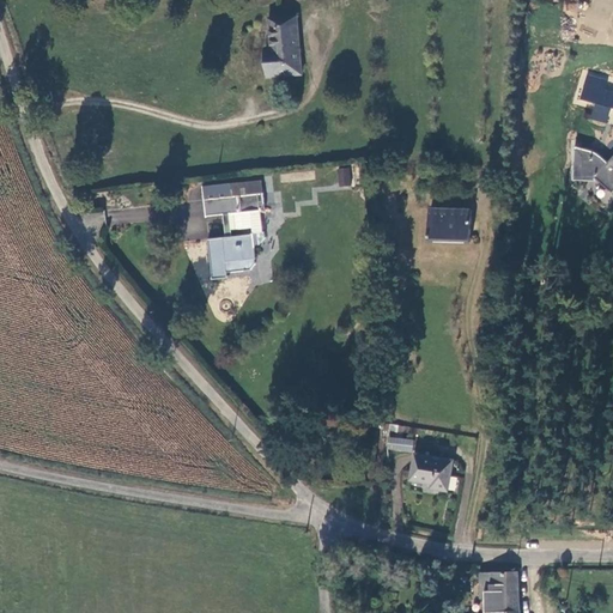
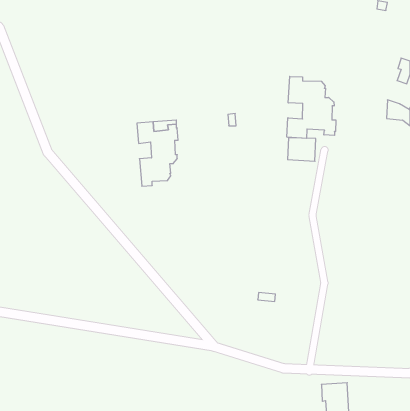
building: [265,17,299,77] -> none
building: none -> [287,76,336,138]
building: [407,453,450,491] -> none

